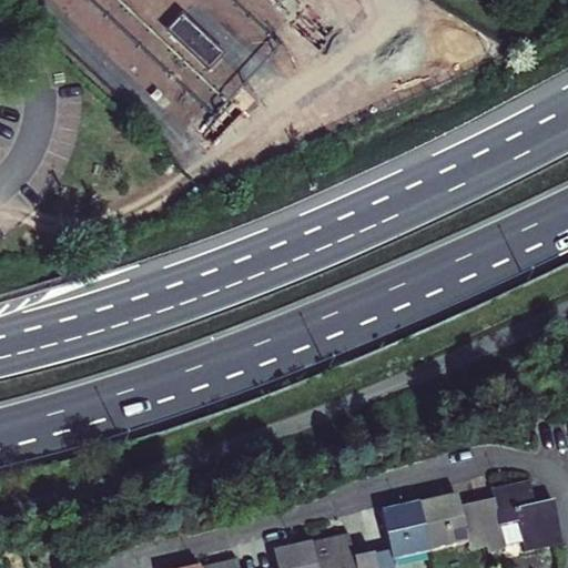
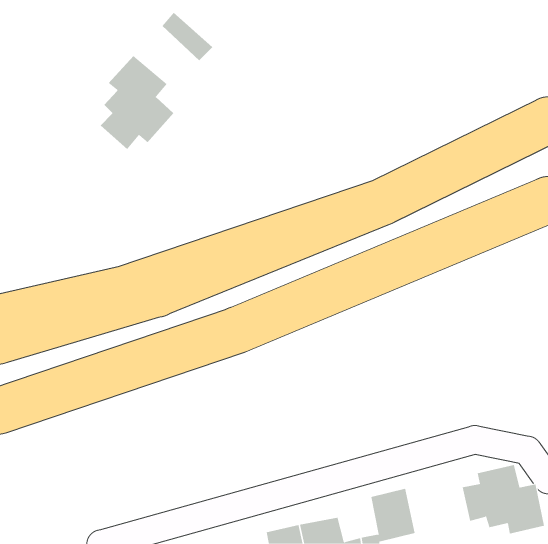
building: none -> [100,55,174,150]
building: [418,495,484,550] -> none

